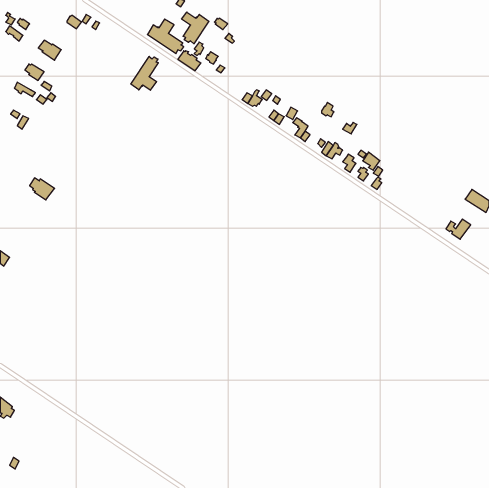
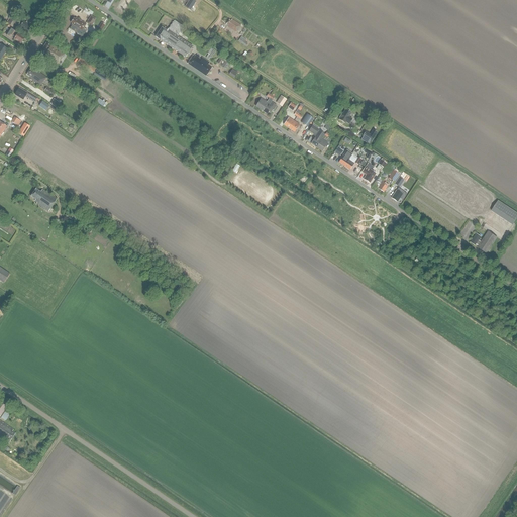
building: [182,12,209,44] -> none
building: [131,56,158,90] -> none

